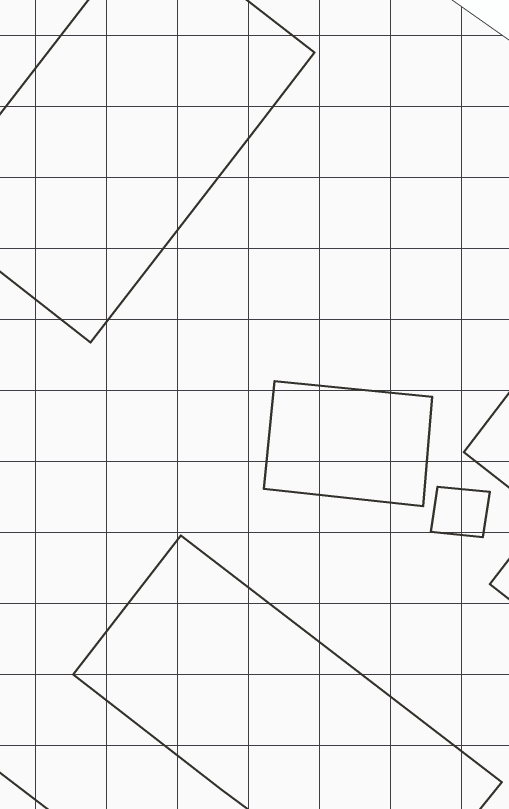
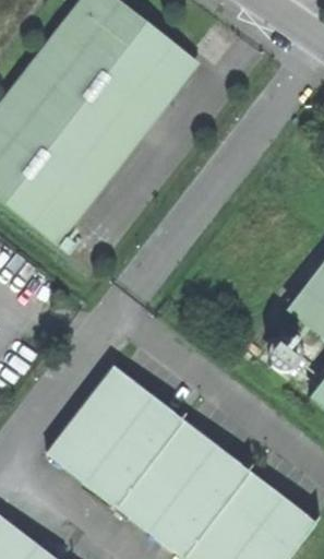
building: [264,381,432,506] -> none

